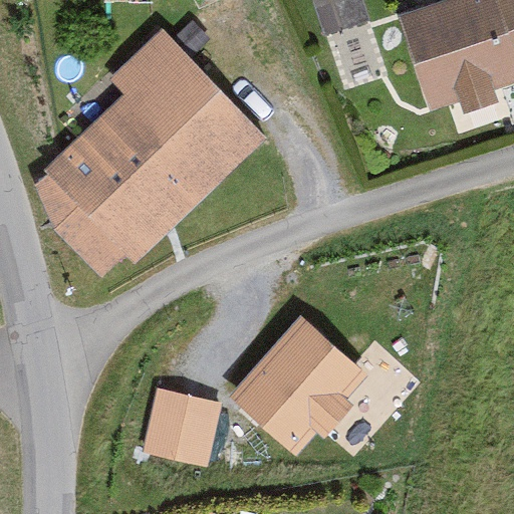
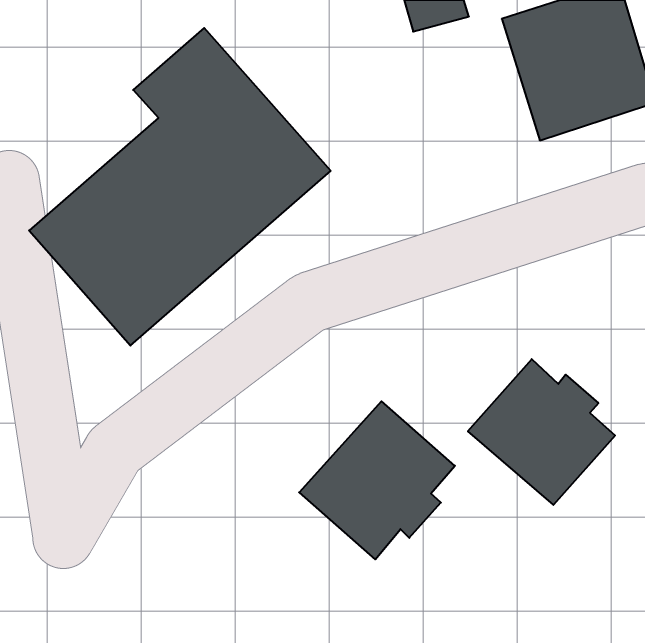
building: none -> [468,359,615,505]
building: [152,393,218,460] -> none

